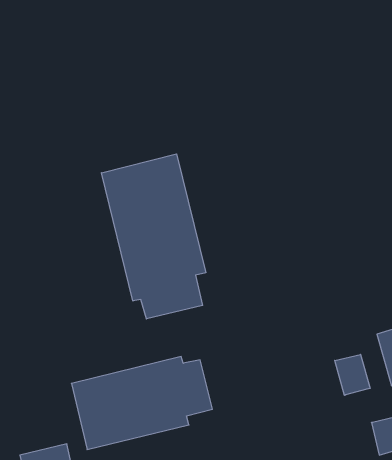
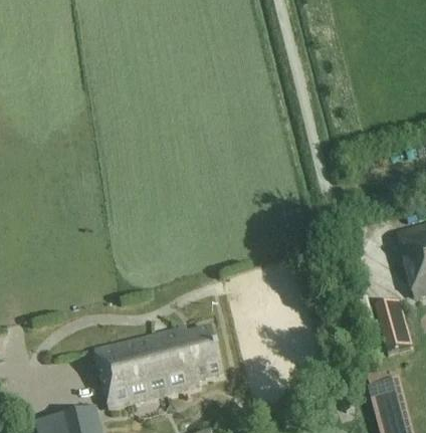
building: [101,154,206,319] -> none
building: [335,354,370,395] -> none

